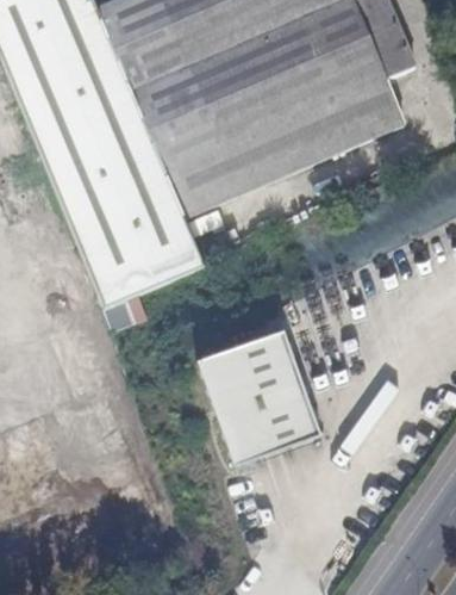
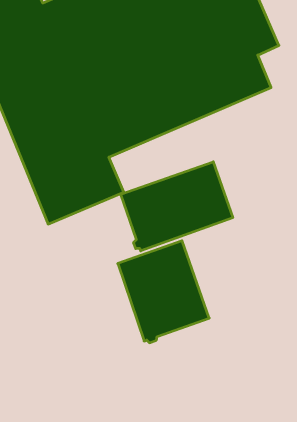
building: none -> [121,162,233,251]

